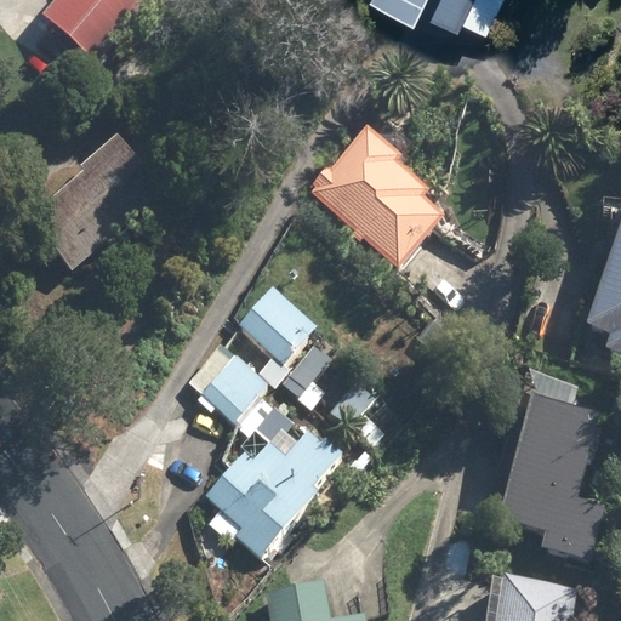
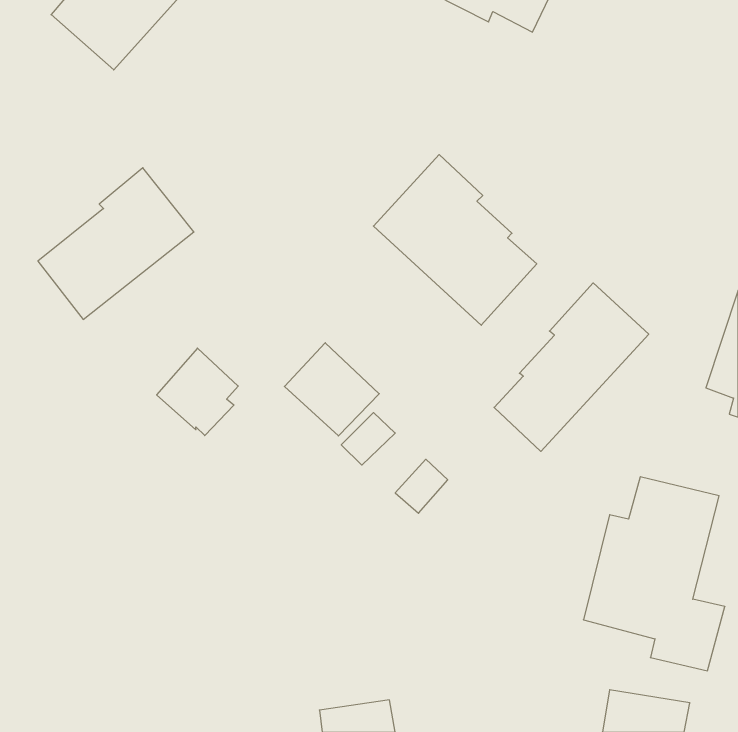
building: none -> [494,283,649,451]
building: [200,353,268,426] -> [157,348,238,436]
building: [205,433,343,557] -> none

